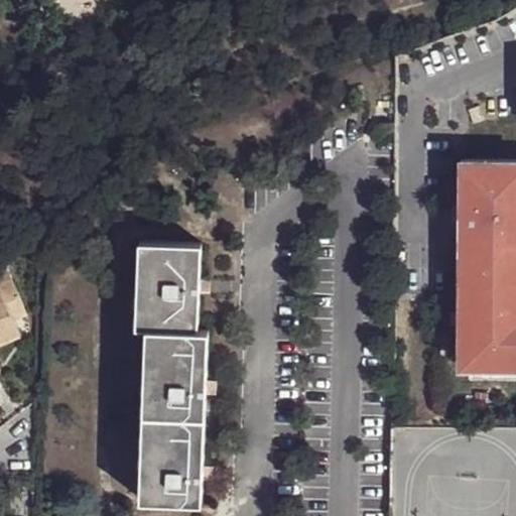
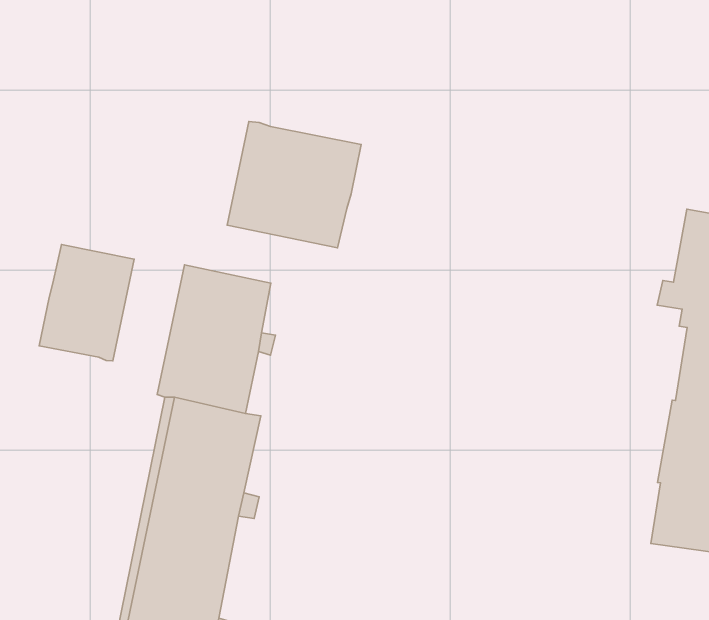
building: none -> [227,121,361,248]
building: none -> [39,244,134,361]

